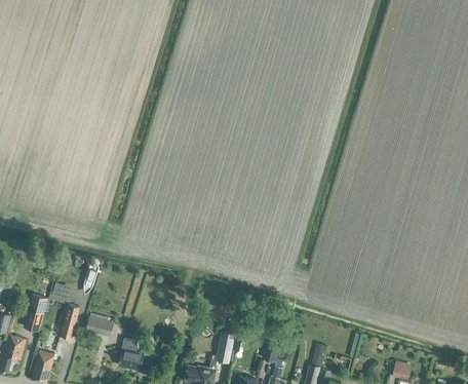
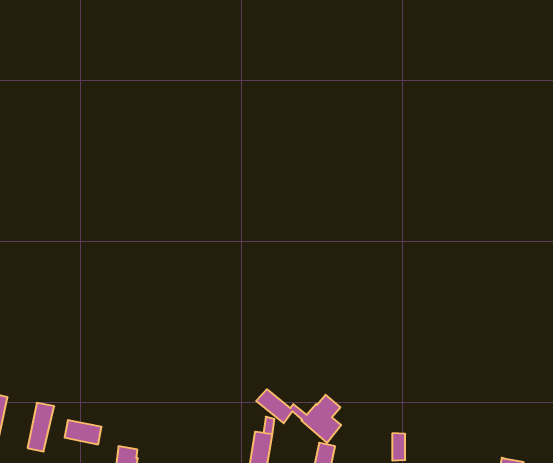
building: none -> [256,389,341,443]

